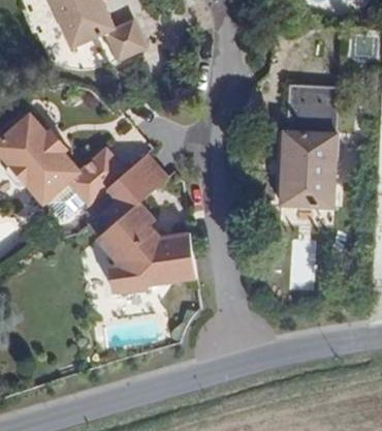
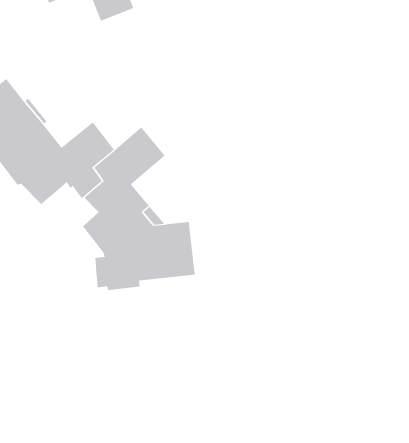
building: [287,88,345,210] -> none

